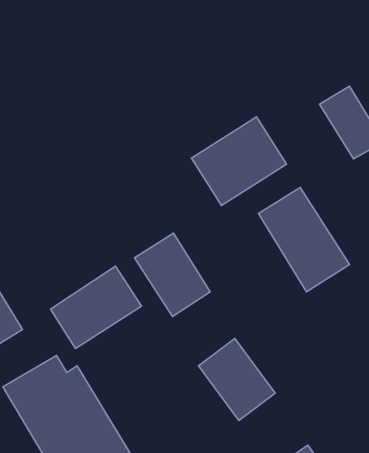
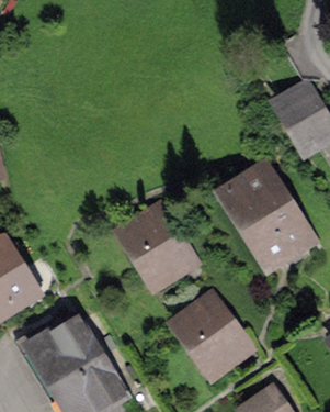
building: [192,117,286,206] -> none
building: [51,266,142,349] -> none

